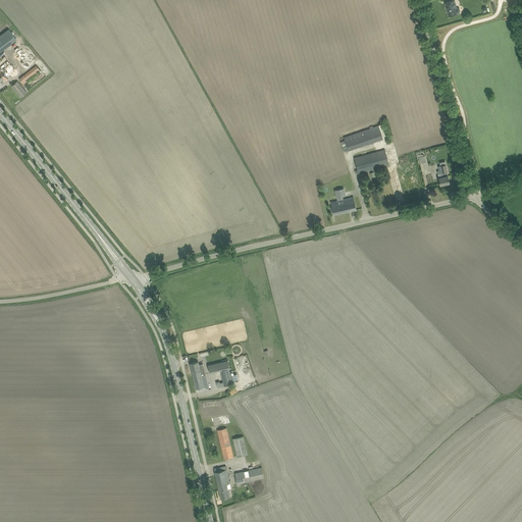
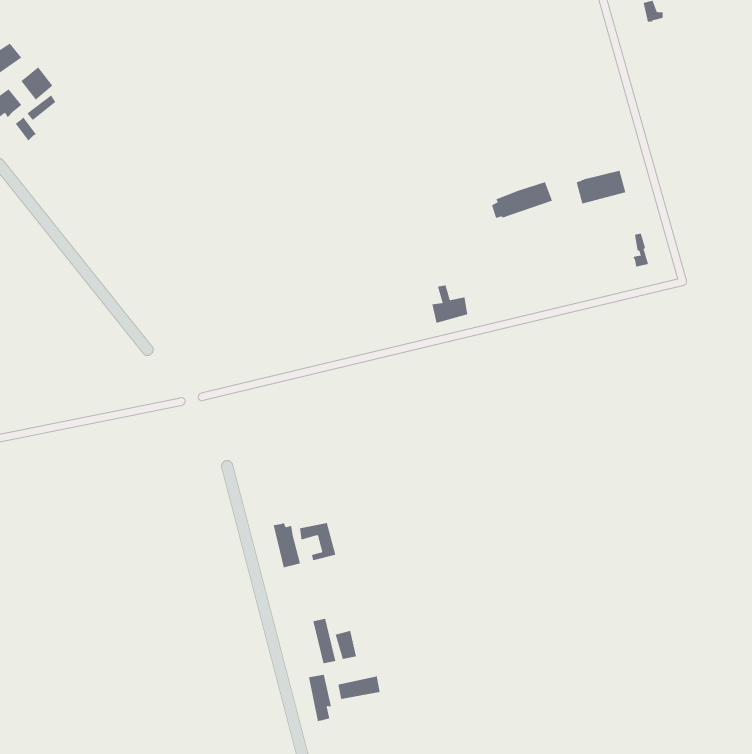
building: [353,150,387,173] -> [576,170,626,204]
building: [329,189,355,215] -> [431,285,468,323]

